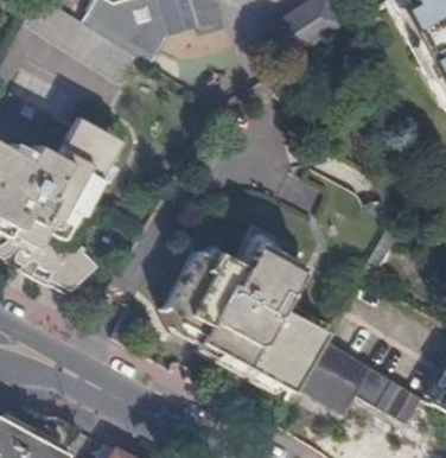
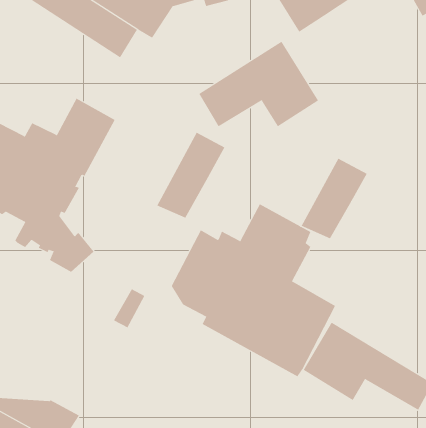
building: none -> [198,41,319,127]
building: none -> [156,132,225,218]
building: none -> [301,158,367,239]

